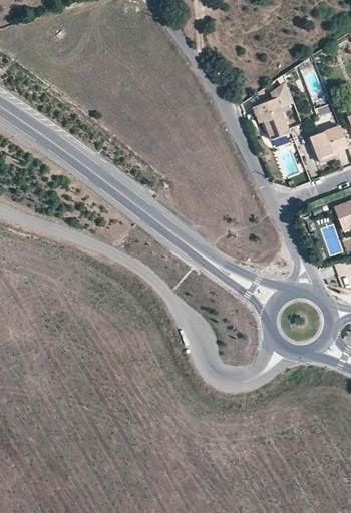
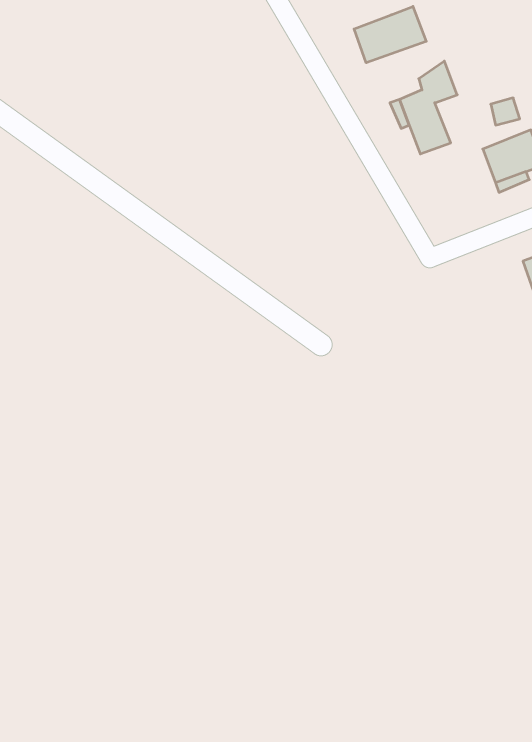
building: none -> [354,6,426,63]

